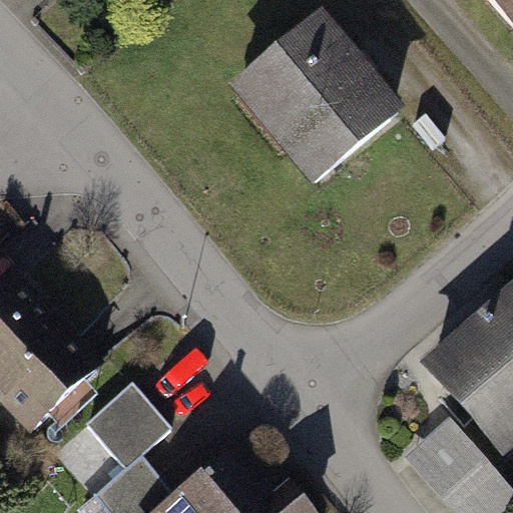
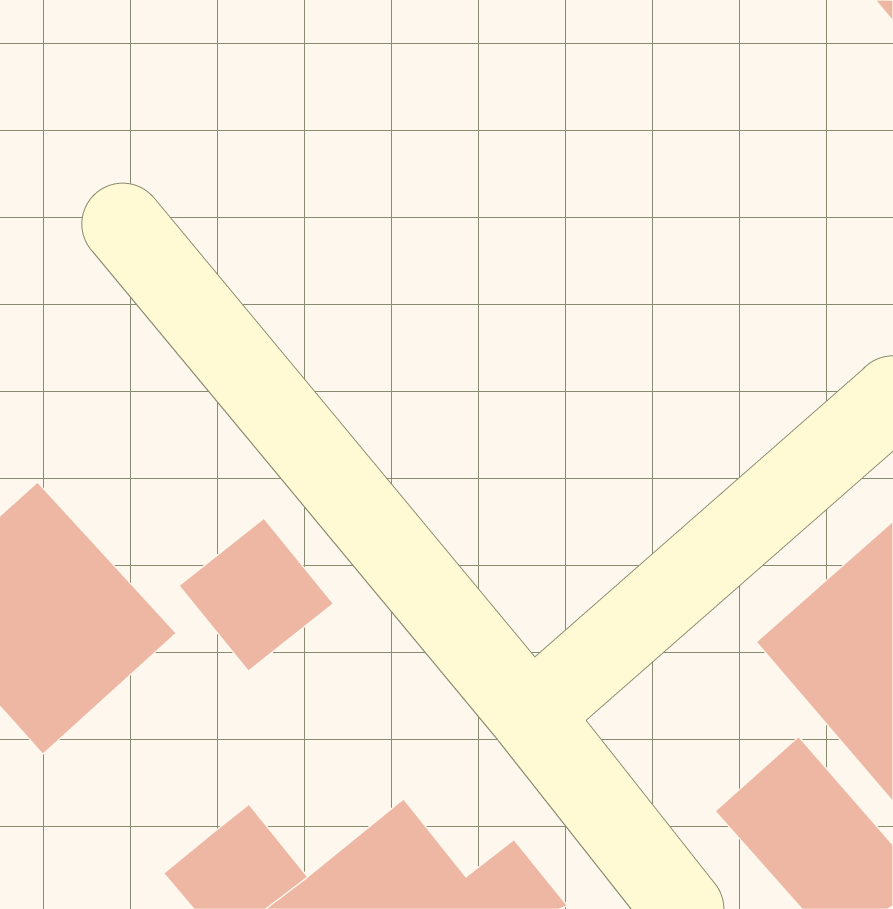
building: [233,16,407,190] -> none
building: [81,383,168,469] -> [179,518,334,671]

